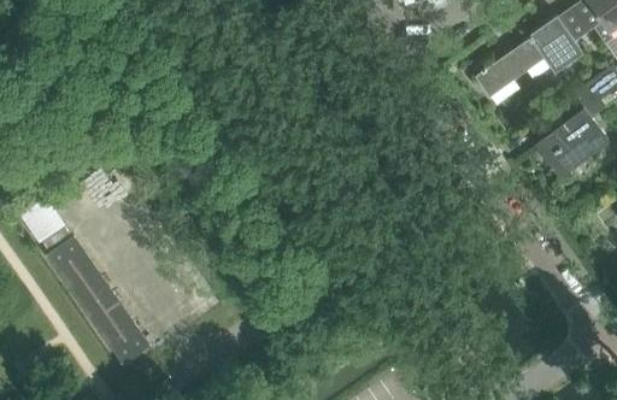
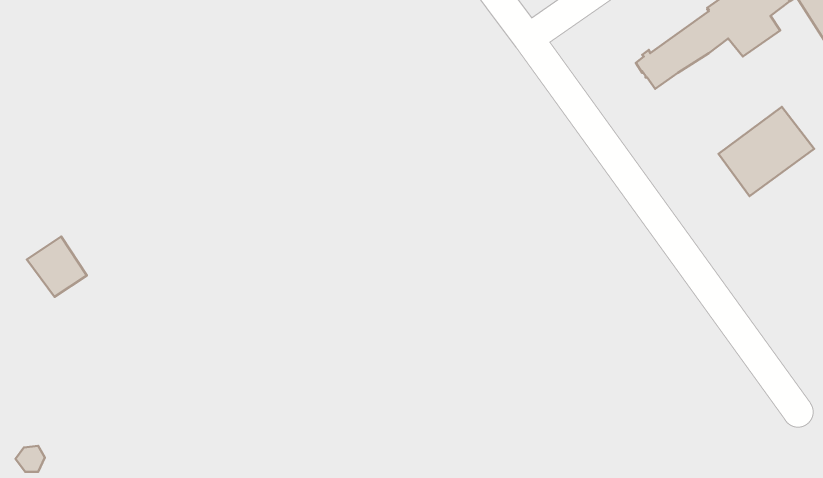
building: [46,237,147,364] -> none

